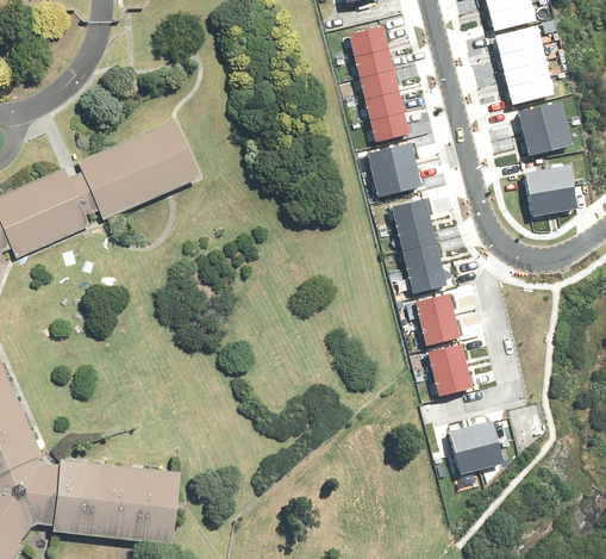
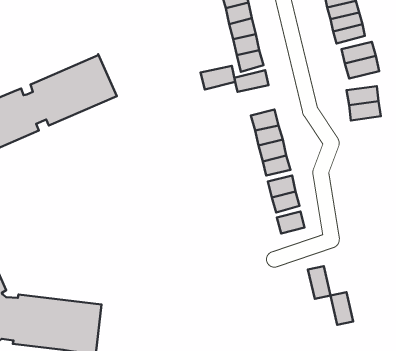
building: [371,163,420,197] -> [201,66,235,89]
building: [433,366,471,395] -> none
building: [449,426,481,472] -> [330,292,353,325]

